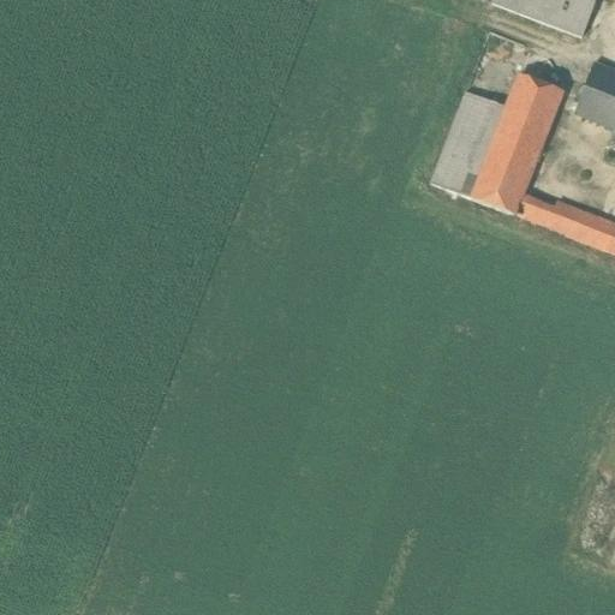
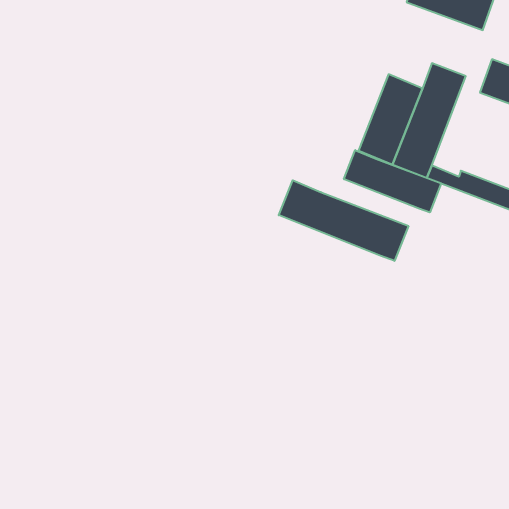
building: none -> [344,150,441,212]
building: none -> [279,180,408,261]

